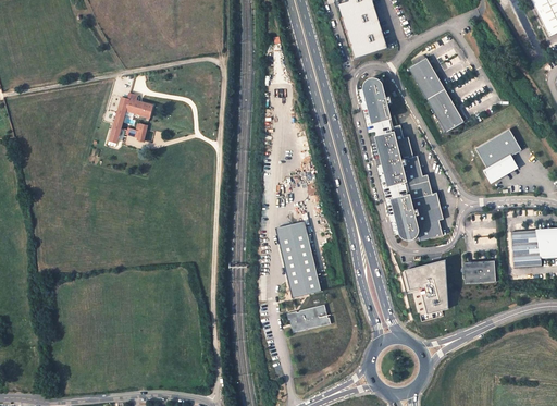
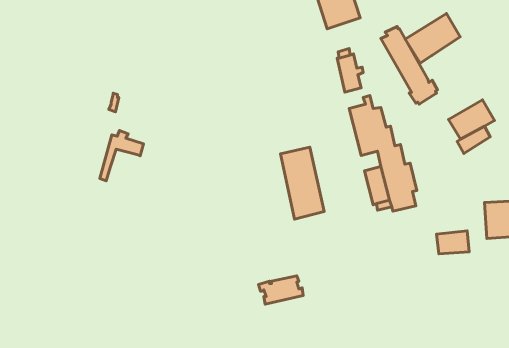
building: none -> [405,14,460,63]
building: [110,93,153,143] -> [100,131,143,181]
building: [277,226,321,298] -> [280,147,324,219]
building: [408,261,448,315] -> none

